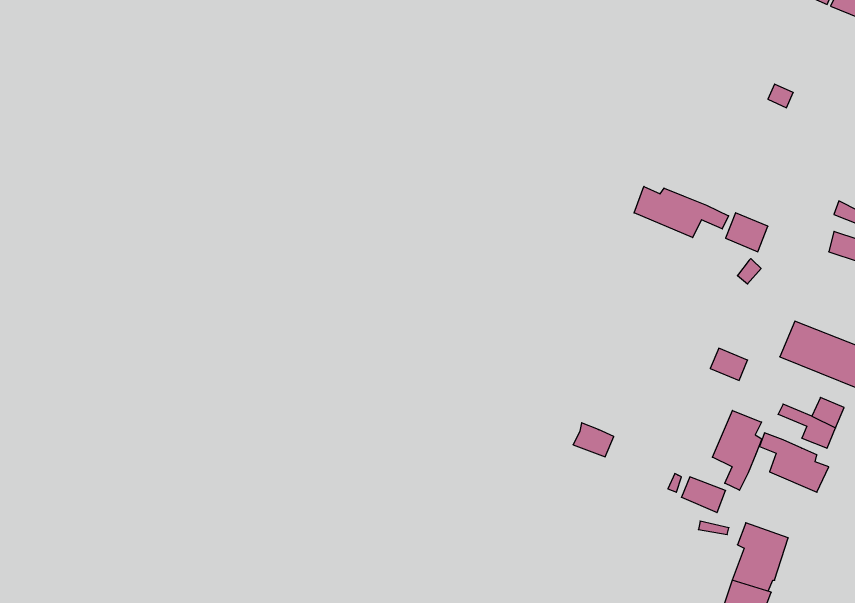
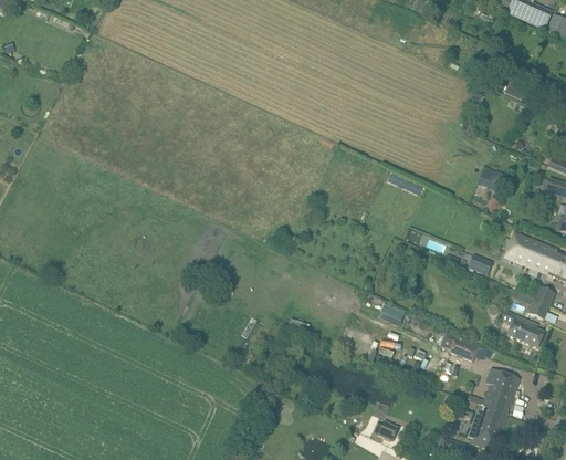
building: [634,186,729,238] -> none
building: [712,410,762,490] -> none

